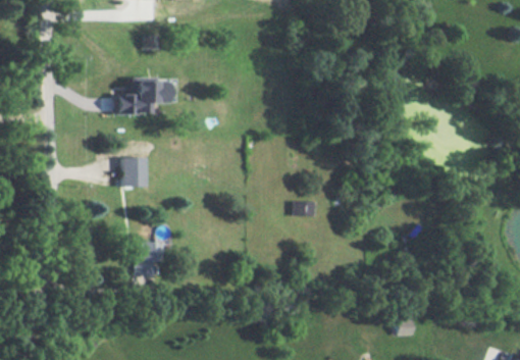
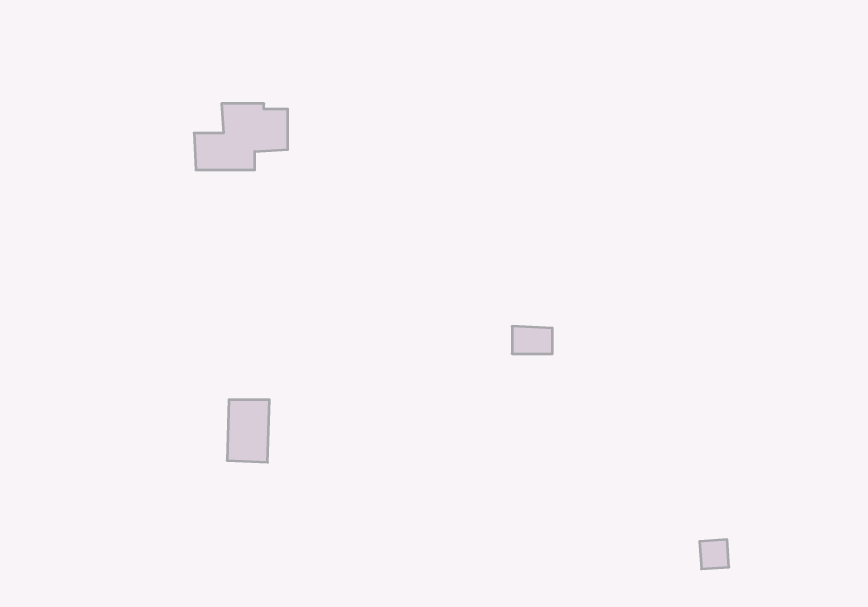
building: [121,157,146,187] -> none

